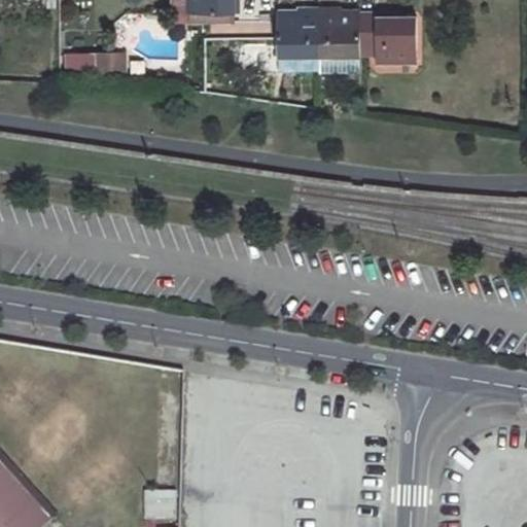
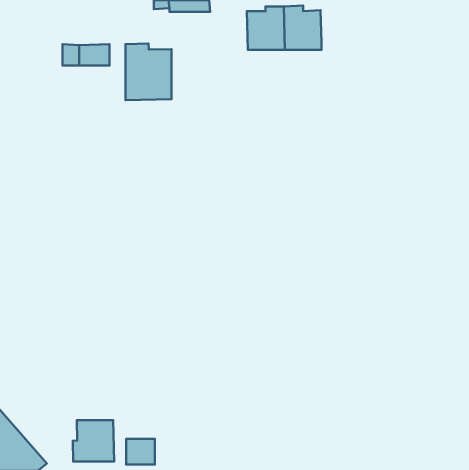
building: [358,12,415,62] -> none
building: none -> [126,44,172,100]
building: none -> [73,420,114,461]

